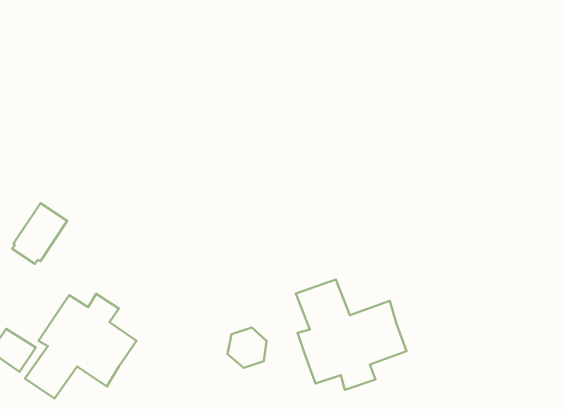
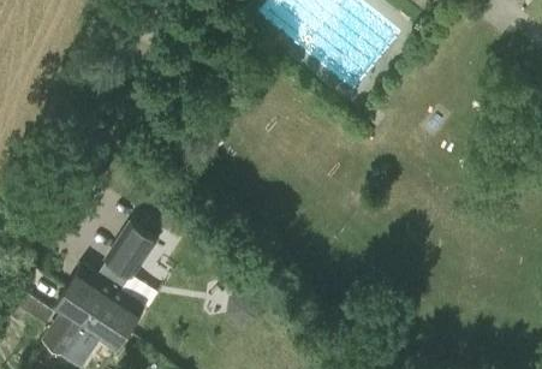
building: [12,203,67,264] -> [106,224,155,278]
building: [296,279,406,390] -> none

